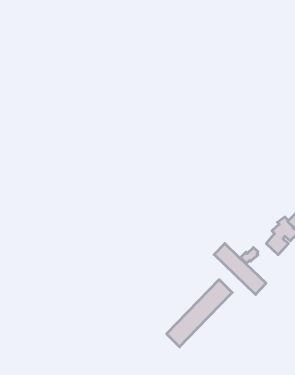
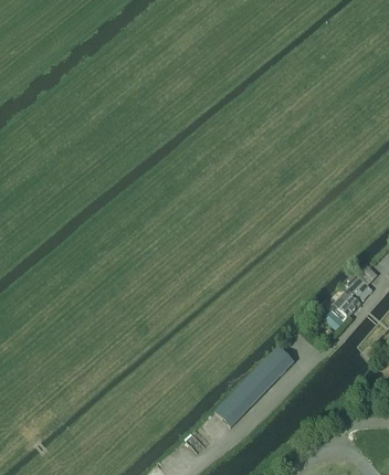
building: [214,243,266,295] -> none

